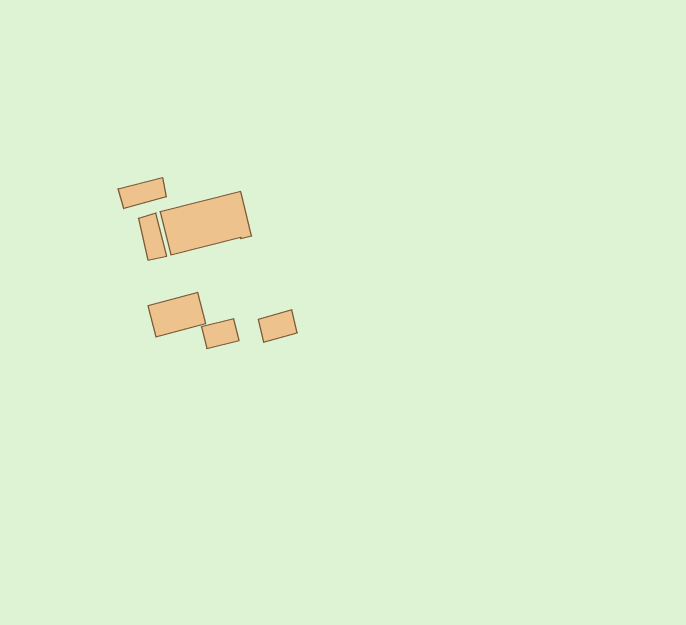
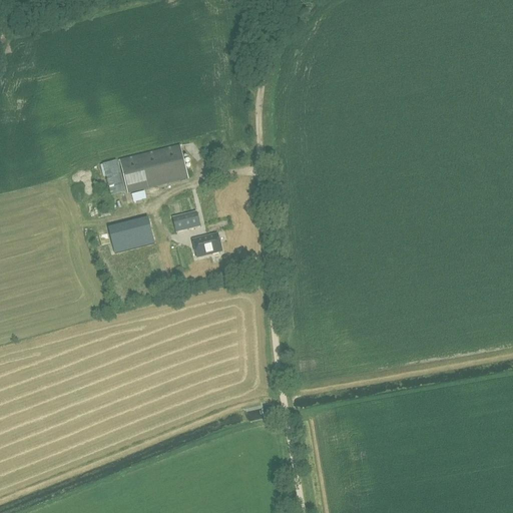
building: [118,178,166,209] -> none
building: [201,319,239,348] -> [171,208,199,230]

